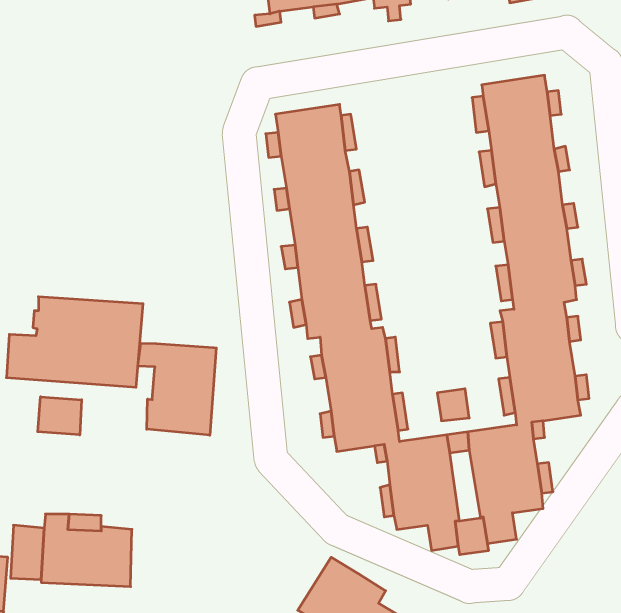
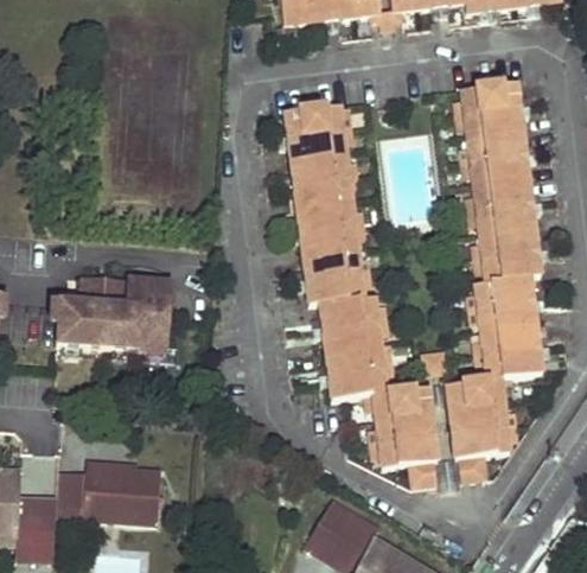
building: [138,343,216,435] -> none
building: [38,397,82,435] -> none

